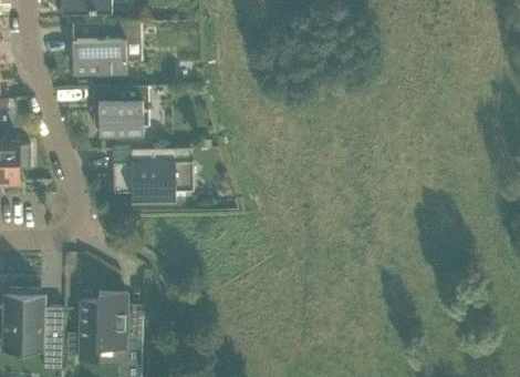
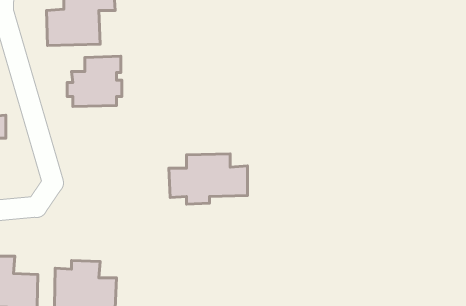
building: [112,151,191,202] -> [169,154,248,204]

